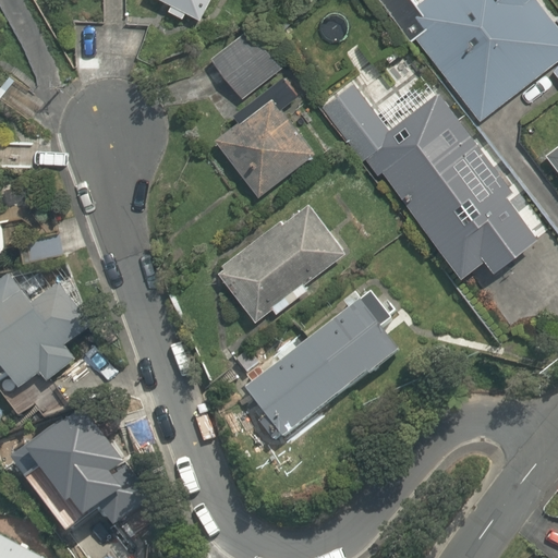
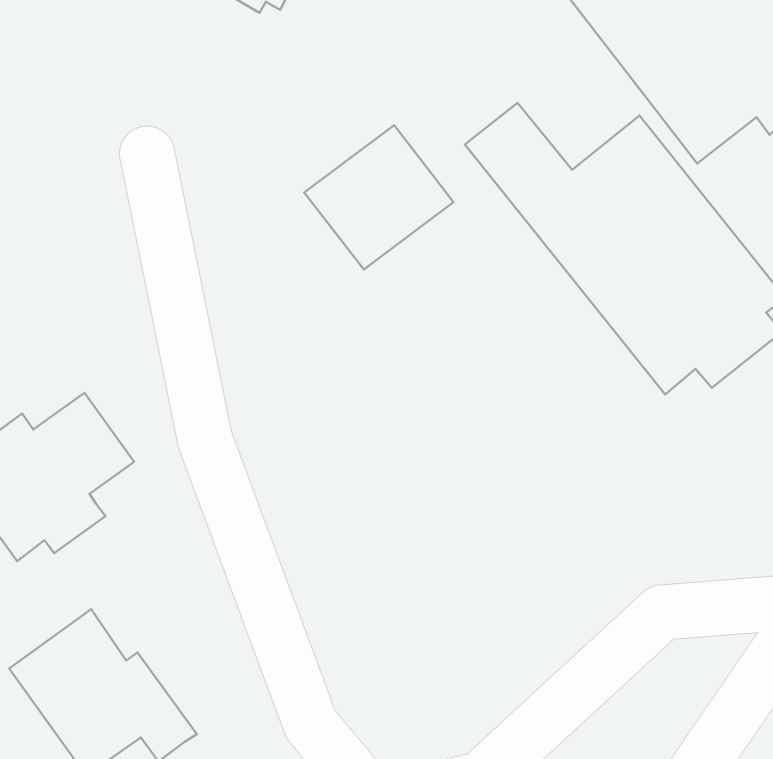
building: [208,28,274,94] -> none
building: [211,198,349,326] -> none
building: [243,289,397,449] -> none

